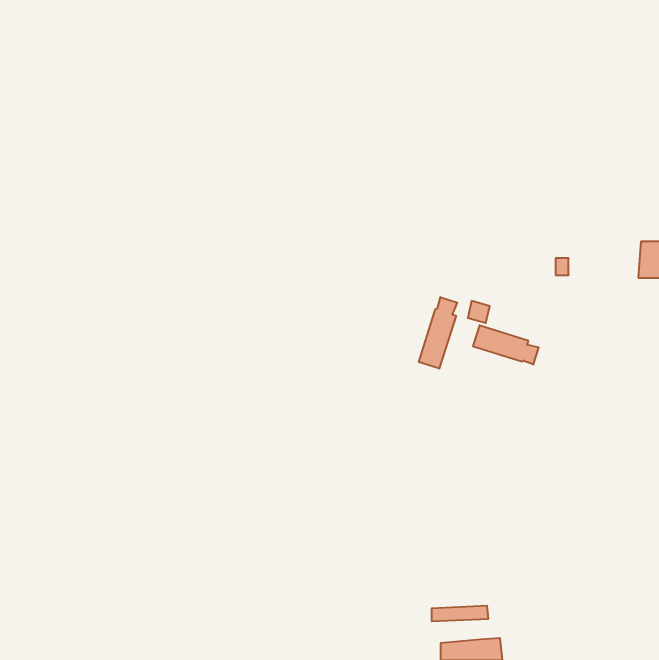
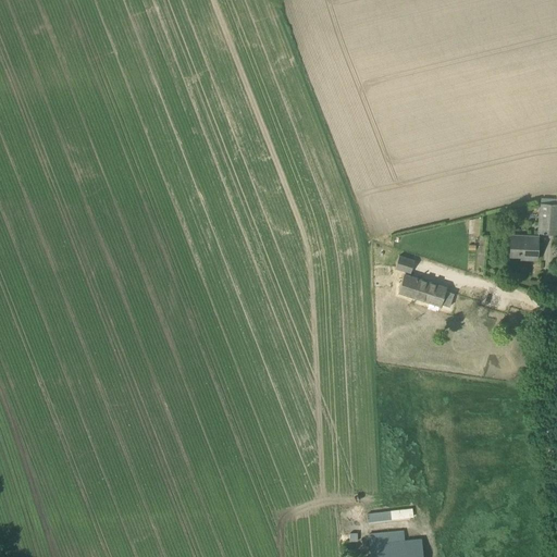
building: none -> [510,237,540,260]
building: [419,297,457,369] -> none

